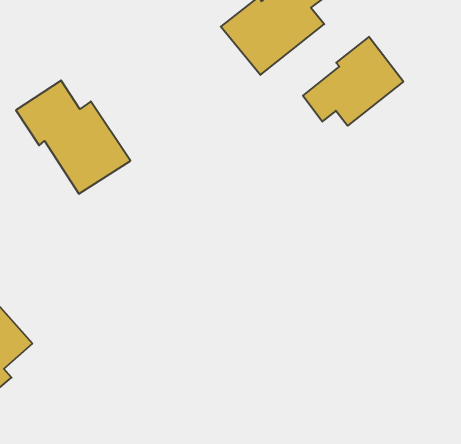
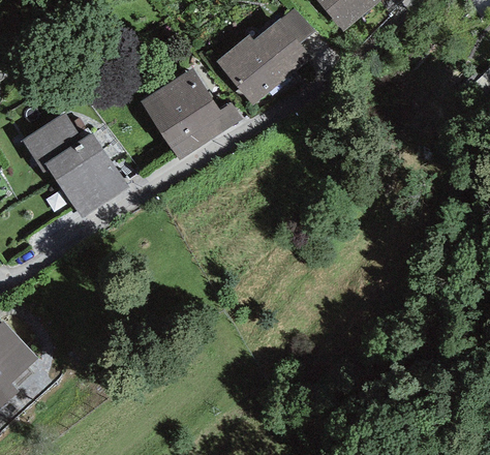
building: none -> [140,68,242,159]
building: [303,37,403,126] -> none

